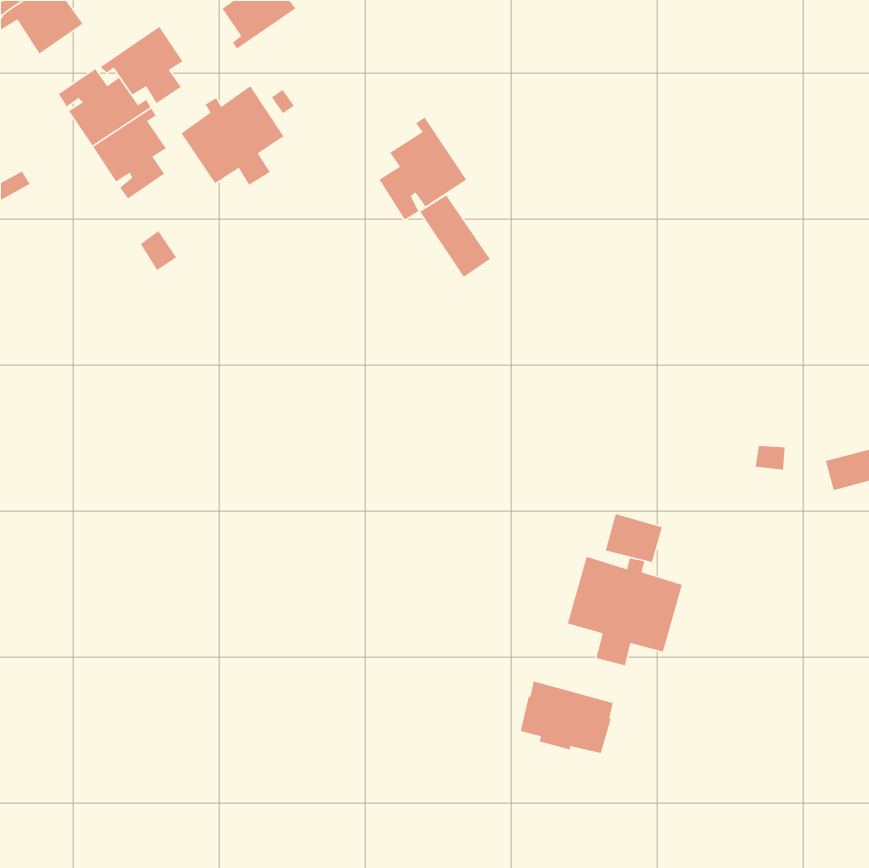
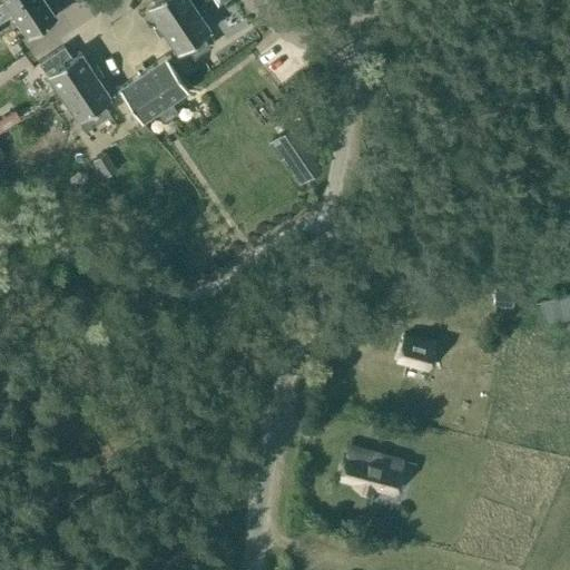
building: [100,26,183,104] -> [156,8,210,59]
building: [378,116,467,220] -> none
building: [567,556,683,666] -> none

